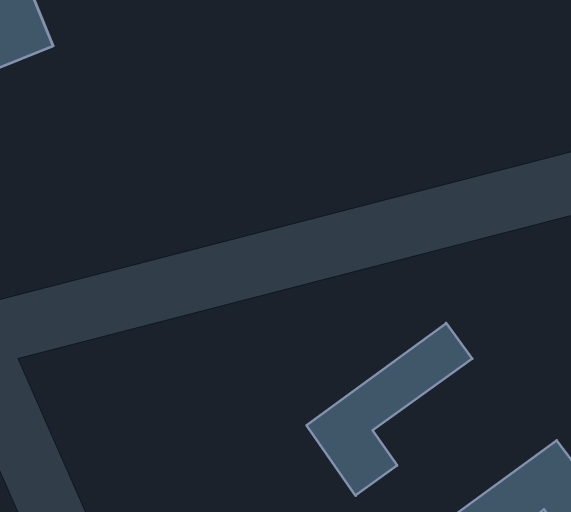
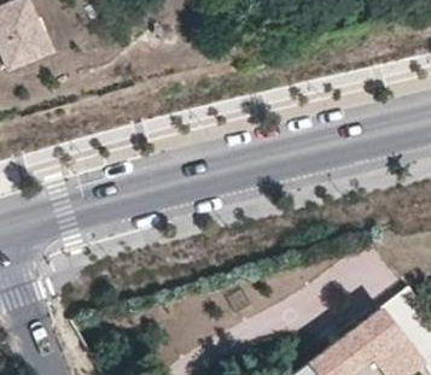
building: [307,323,472,496] -> none

